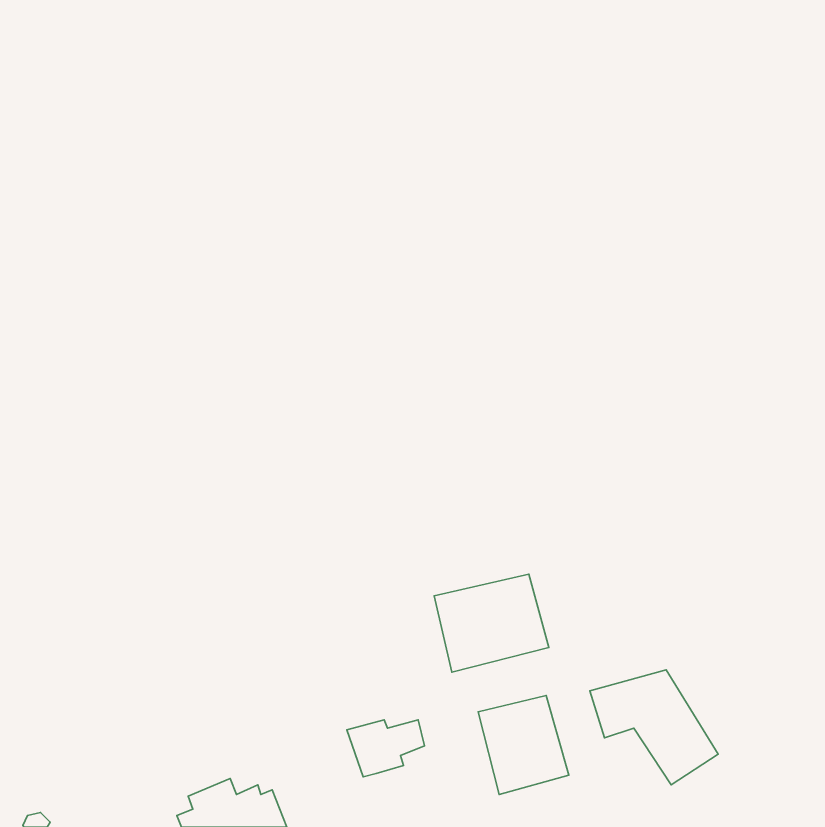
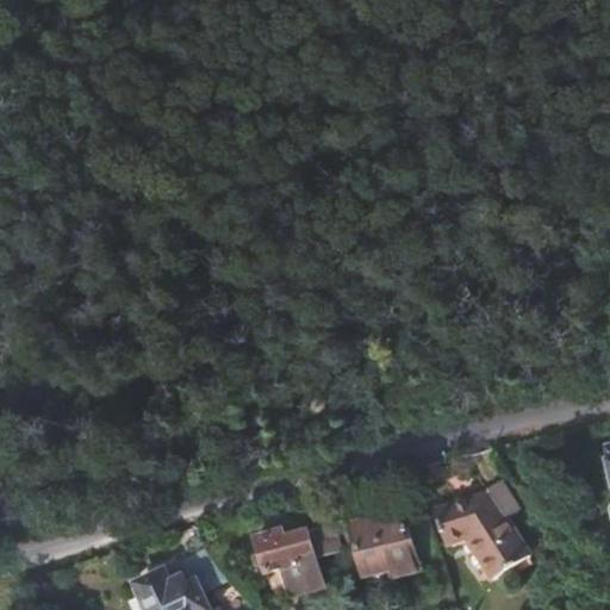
building: [434,574,549,672] -> none
building: none -> [276,548,323,590]

